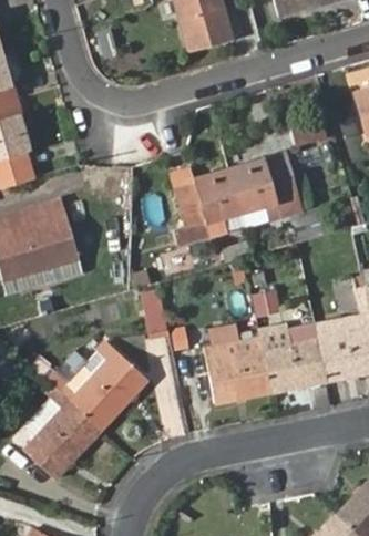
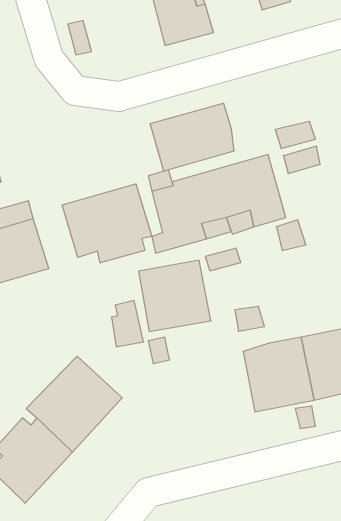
building: none -> [150,103,234,171]
building: none -> [62,184,152,263]
building: [205,337,273,403] -> [139,260,211,332]

